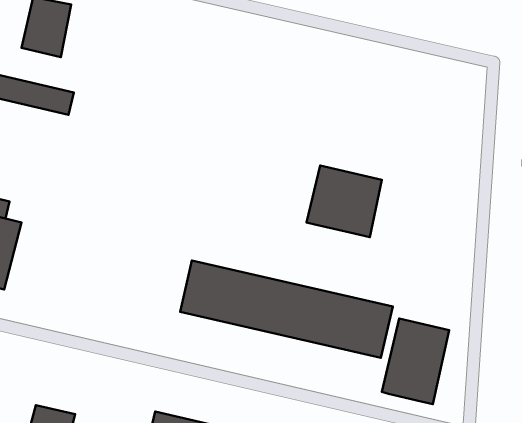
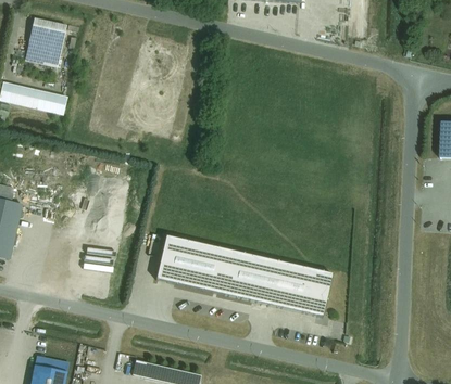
building: [307,166,382,237] -> none
building: [382,319,449,404] -> none

